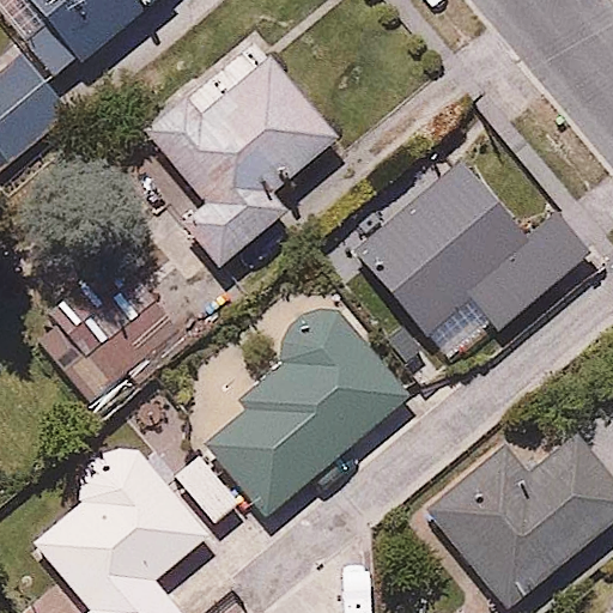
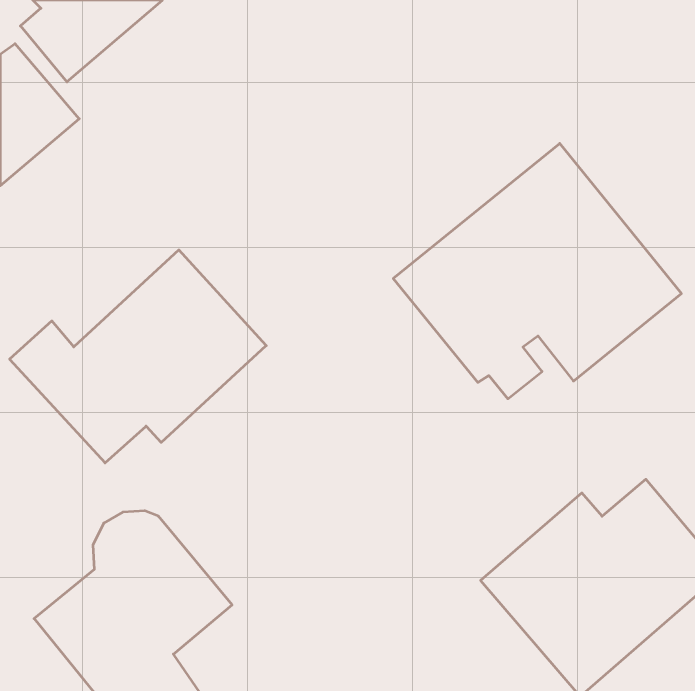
building: [139,28,340,261] -> none
building: [174,301,412,528] -> none

